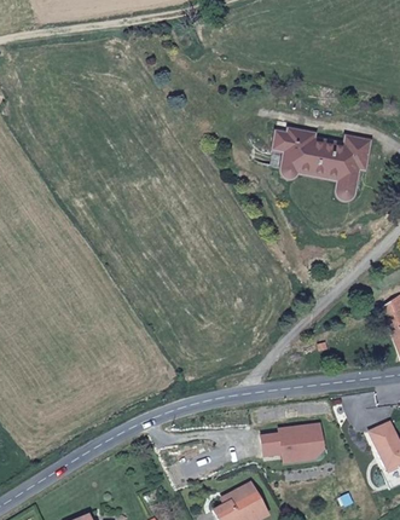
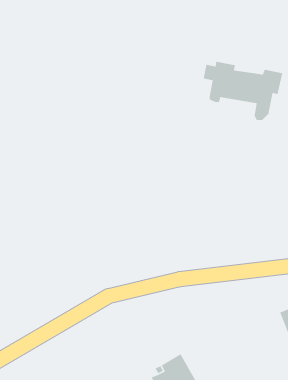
building: [261,423,324,463] -> none

